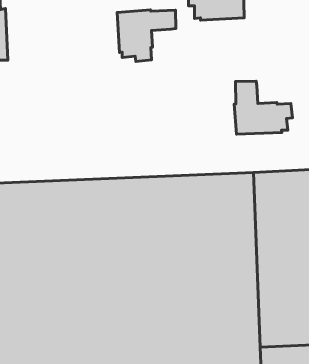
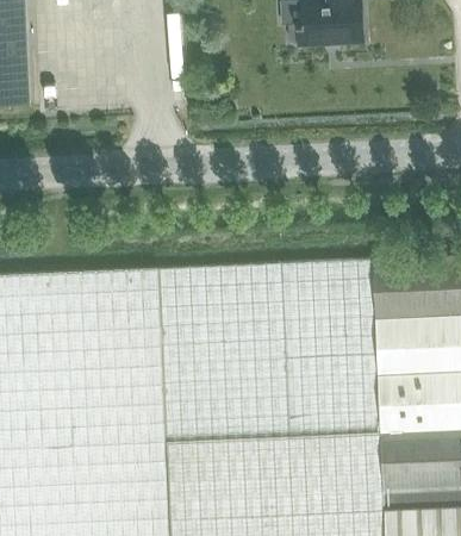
building: [117,10,176,61] -> none
building: [234,81,292,134] -> none

